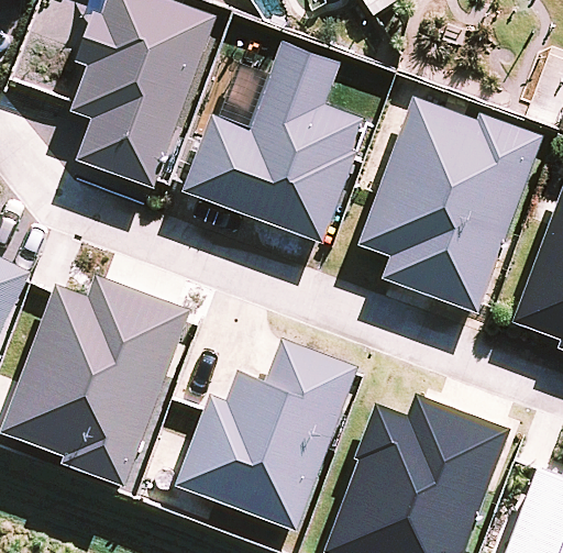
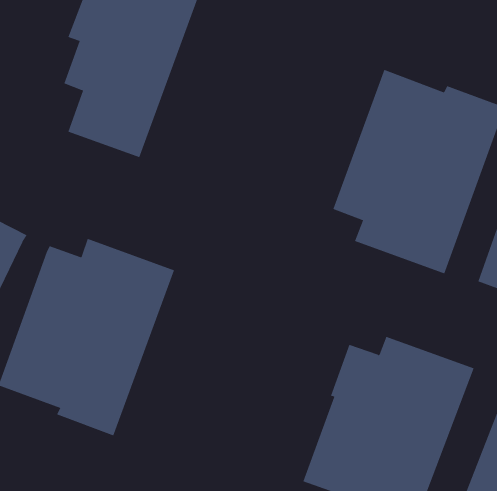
building: [185,42,364,244] -> none
building: [176,338,358,533] -> none

